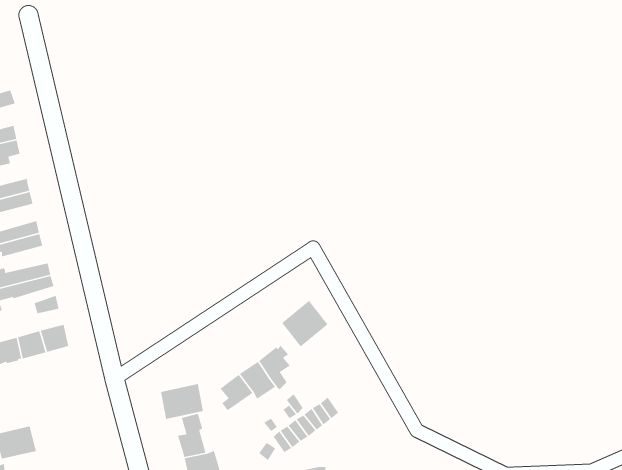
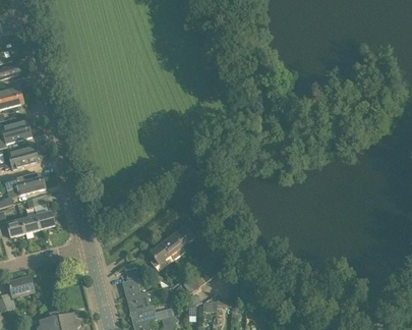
building: [281,300,329,347] -> none
building: [160,383,204,420] -> none

